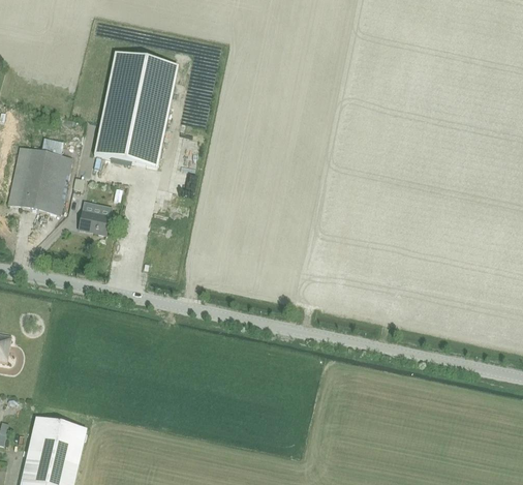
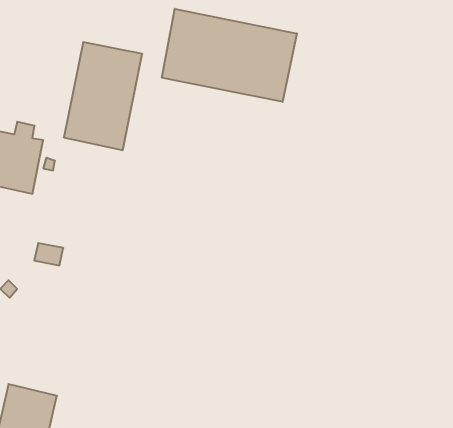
building: none -> [162,9,297,102]
building: [79,209,110,233] -> [34,243,63,265]

